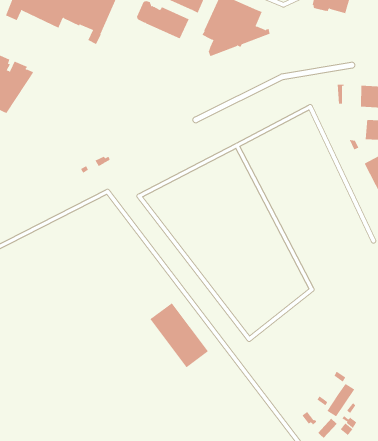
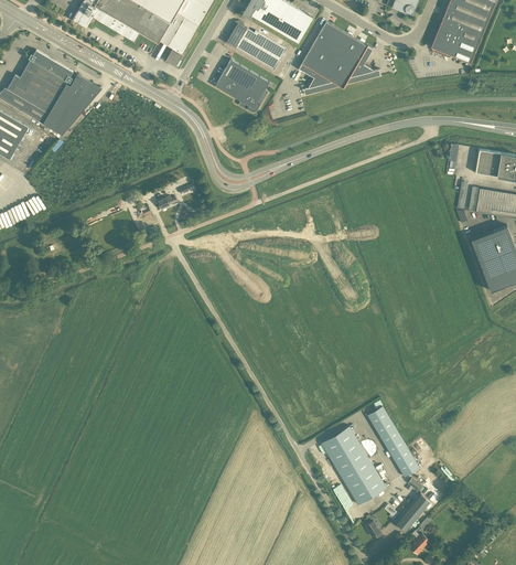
building: none -> [215,58,269,110]
building: [149,302,209,368] -> [321,425,386,503]
building: none -> [367,405,419,476]

